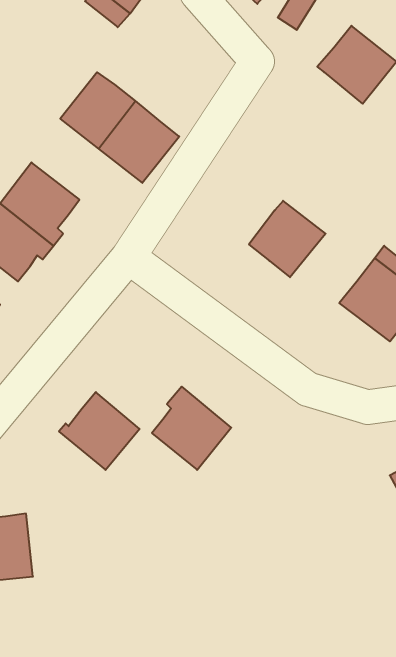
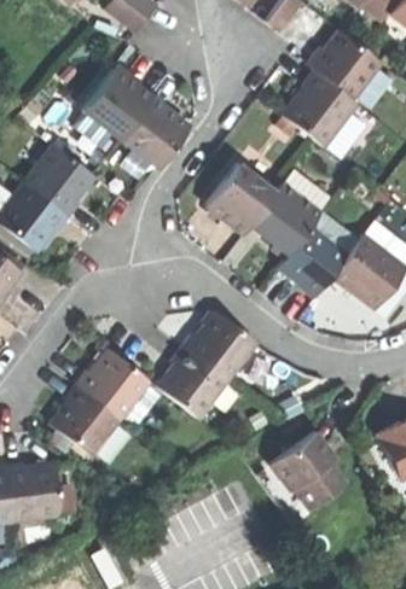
building: none -> [280,70,353,144]
building: none -> [205,164,271,231]
building: none -> [274,226,343,295]
building: none -> [188,317,260,384]
building: none -> [51,387,121,459]
building: none -> [269,425,340,500]

